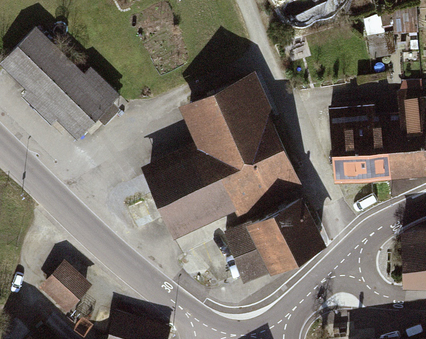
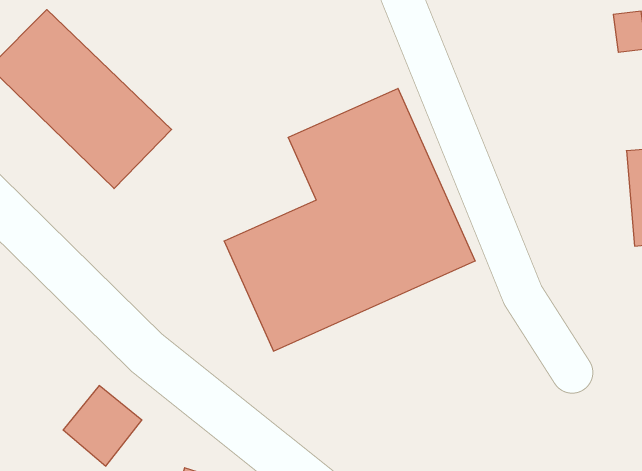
building: [331,115,394,179] -> none
building: [227,201,322,280] -> none

